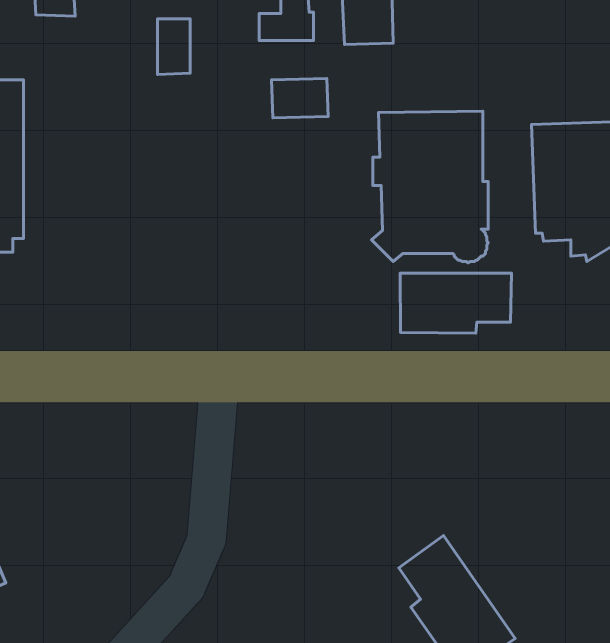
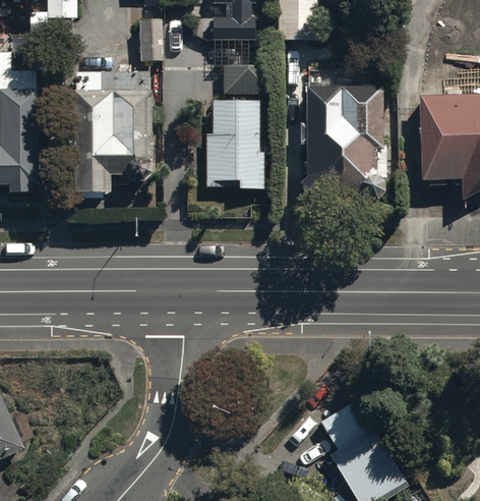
building: none -> [74,72,162,194]
building: none -> [204,99,264,188]
building: [400,273,512,333] -> none

